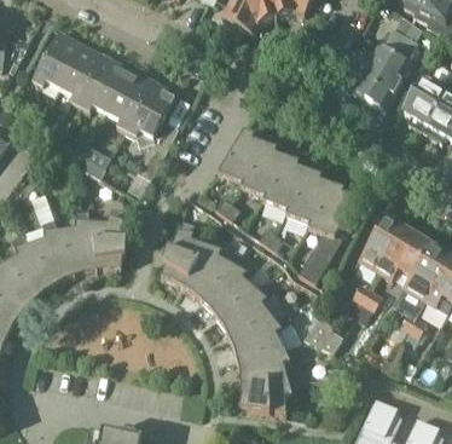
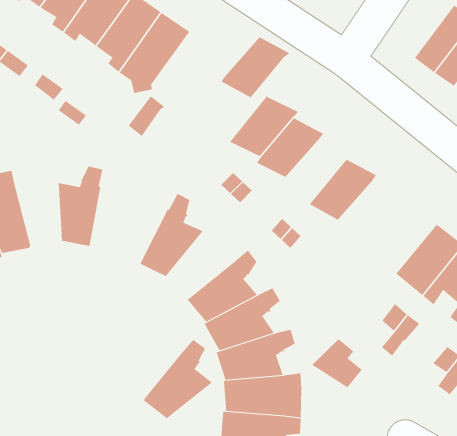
building: [262,161,313,209] -> [221,36,290,98]
building: [299,189,358,282] -> none
building: [58,208,98,272] -> none
building: [181,233,233,298] -> [143,339,212,419]

